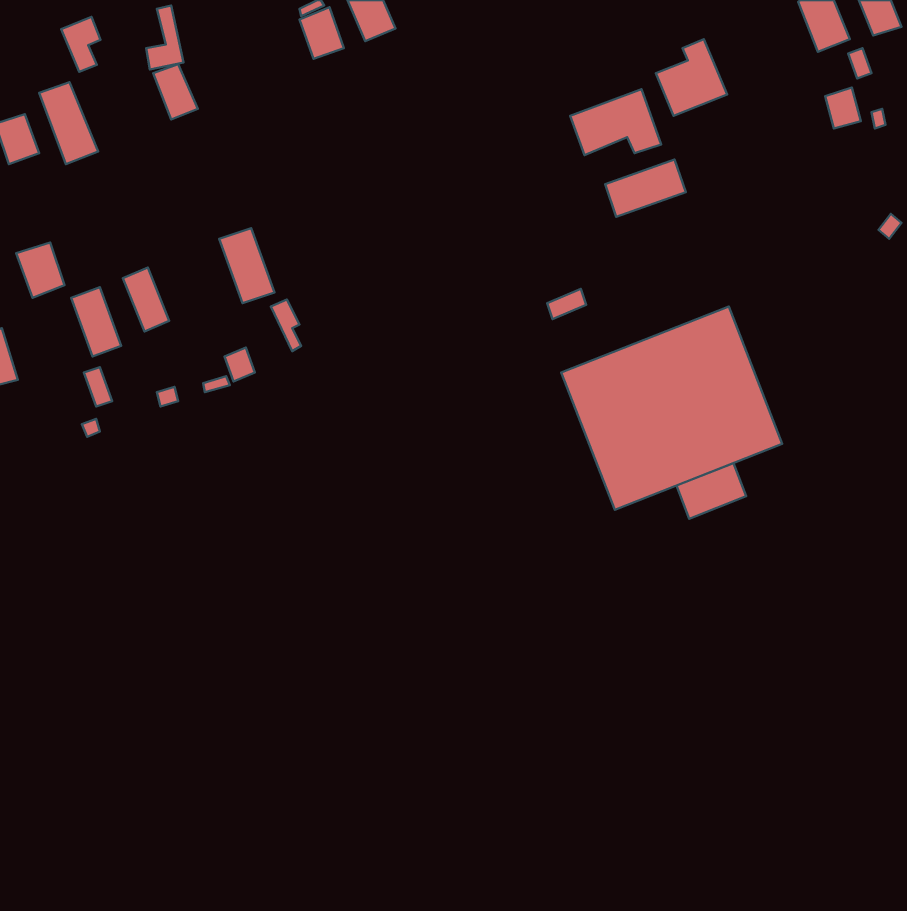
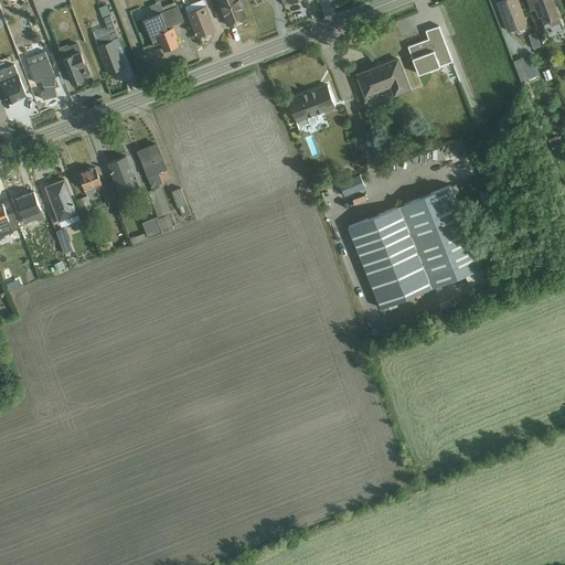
building: none -> [142,4,181,53]
building: [61,17,100,72] -> [60,49,84,83]
building: none -> [286,83,334,120]
building: [605,159,686,217] -> none
building: [16,242,64,298] -> [12,190,42,224]
building: none -> [105,154,137,194]
building: [677,463,746,519] -> none

